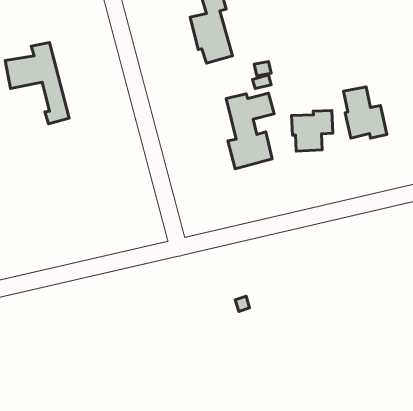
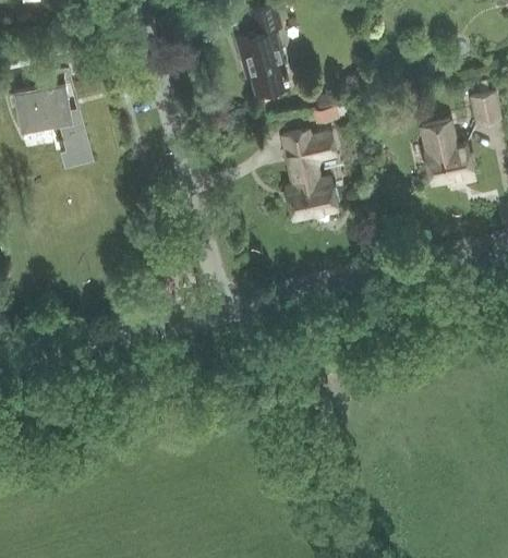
building: none -> [469,93,501,125]
building: [292,111,333,151] -> none

